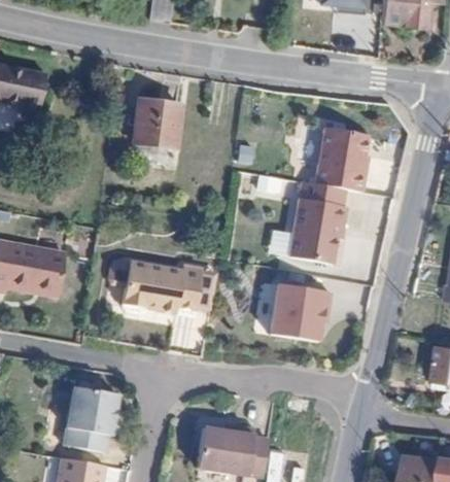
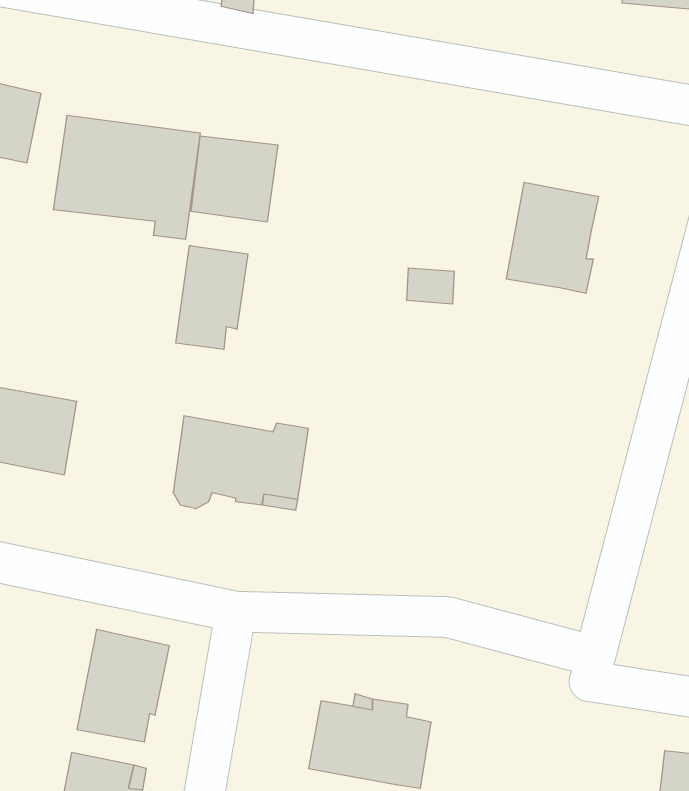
building: none -> [54,115,200,239]
building: none -> [176,245,248,349]
building: [287,180,346,263] -> none
building: [268,281,330,340] -> none

